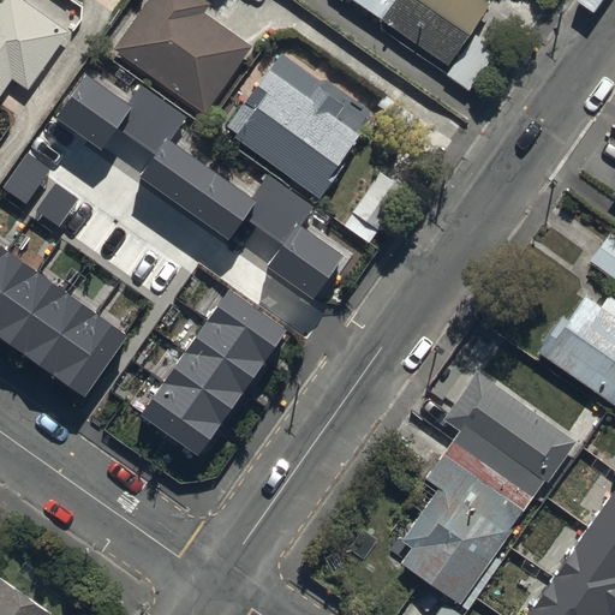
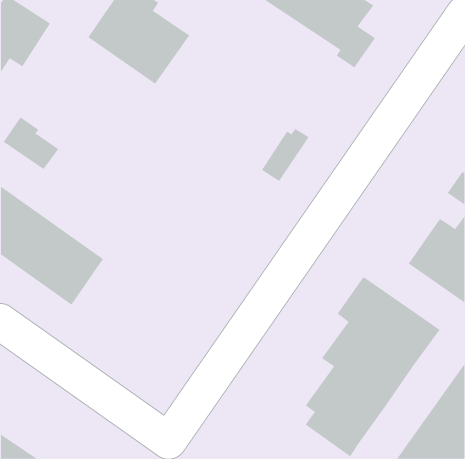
building: [226,55,364,199] -> none
building: [55,76,359,314] -> none
building: [141,292,287,456] -> none

